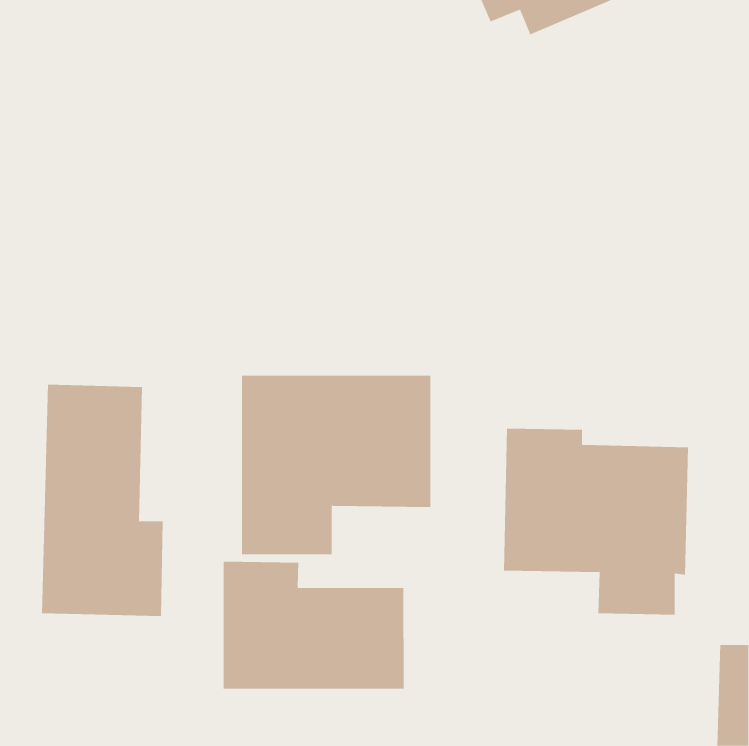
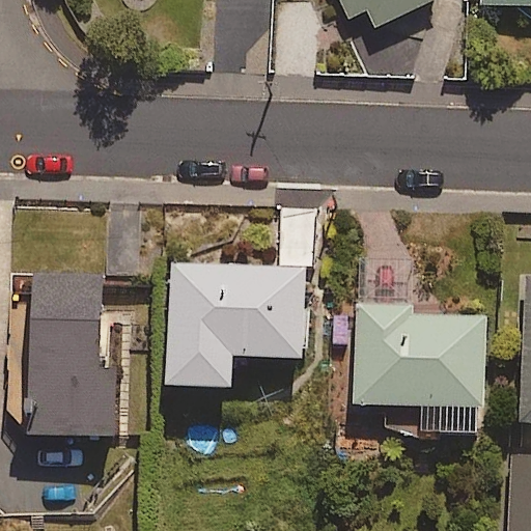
building: [223,561,404,690] -> none

